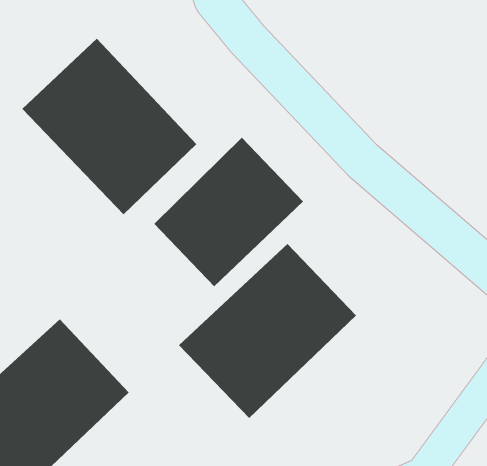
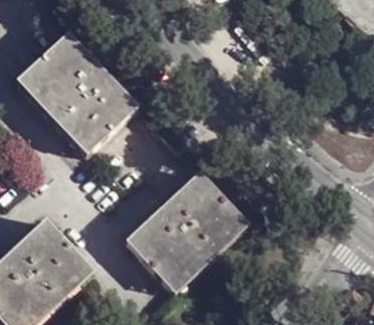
building: [153,137,304,287] -> none

